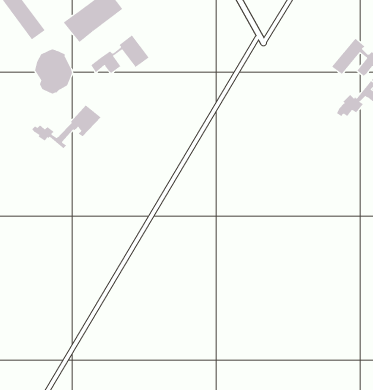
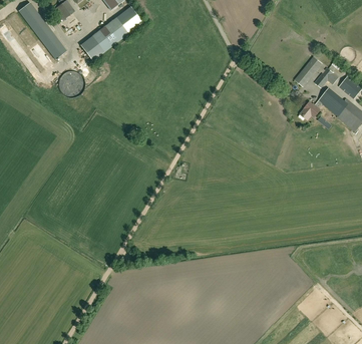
building: [91,34,149,74] -> none
building: [31,104,101,150] -> none

